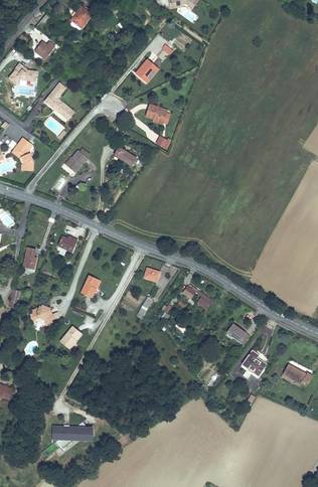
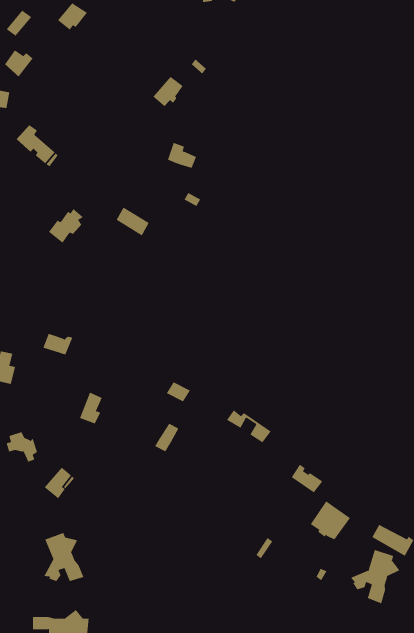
building: none -> [43,532,84,582]
building: none -> [350,549,400,604]

